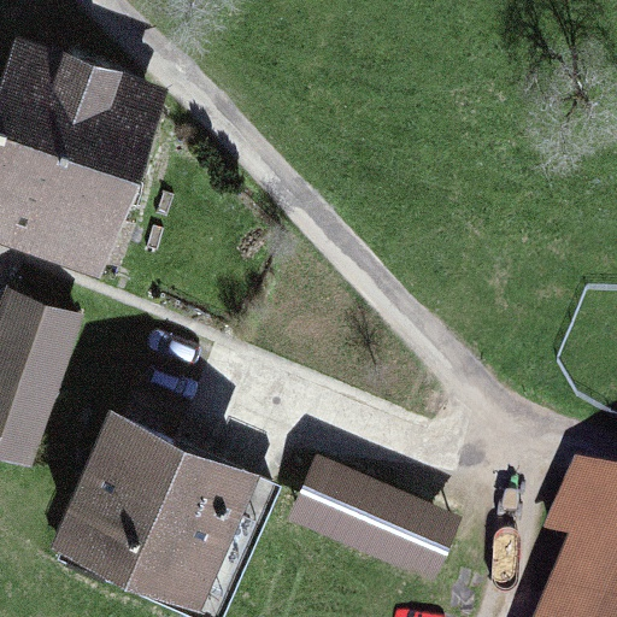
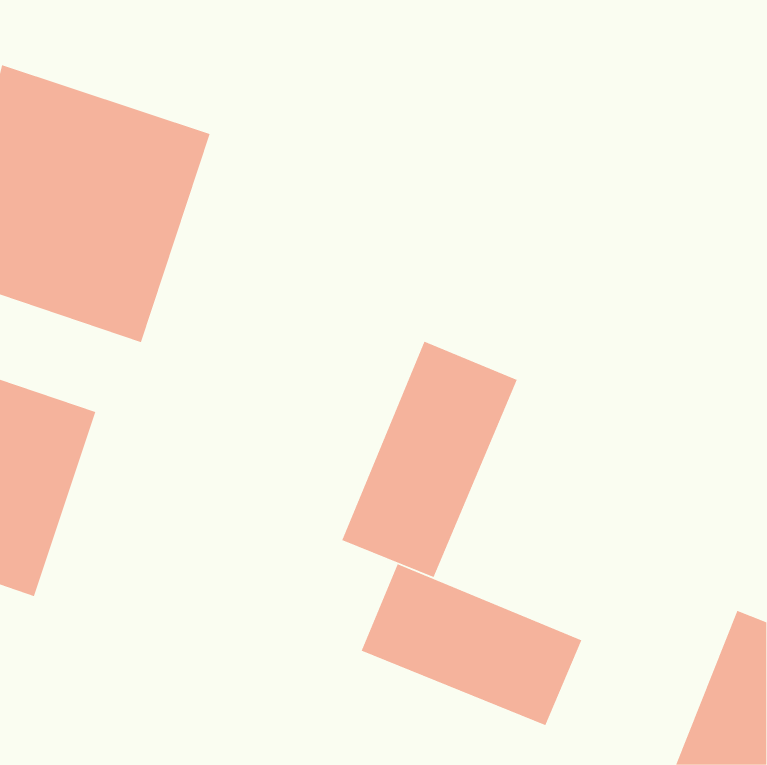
building: none -> [342,341,517,578]
building: [49,418,246,607] -> none

